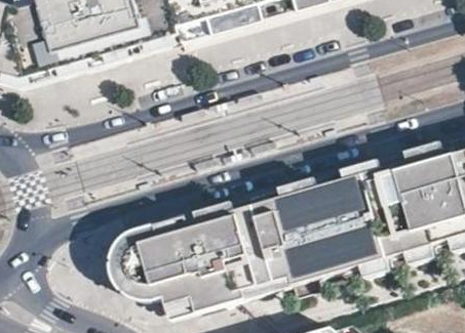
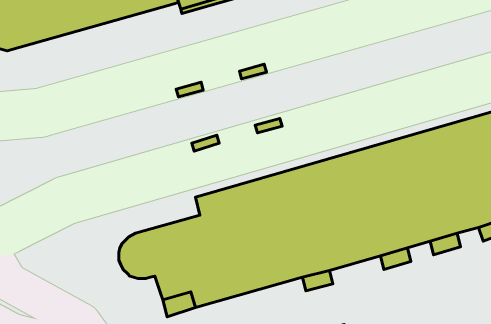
building: [109,210,199,301] -> none

